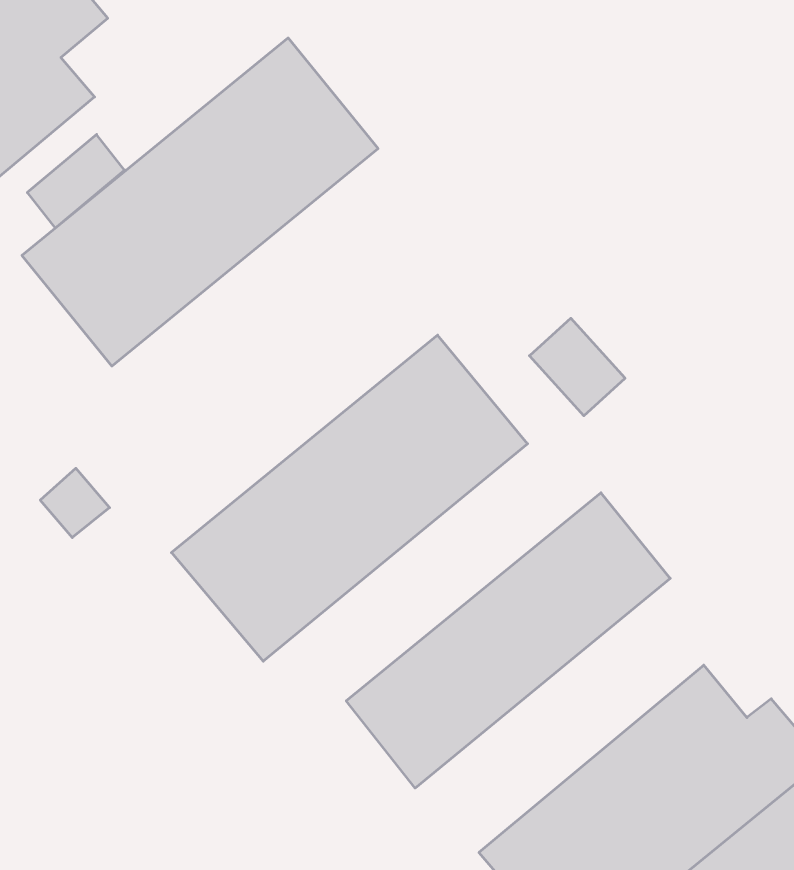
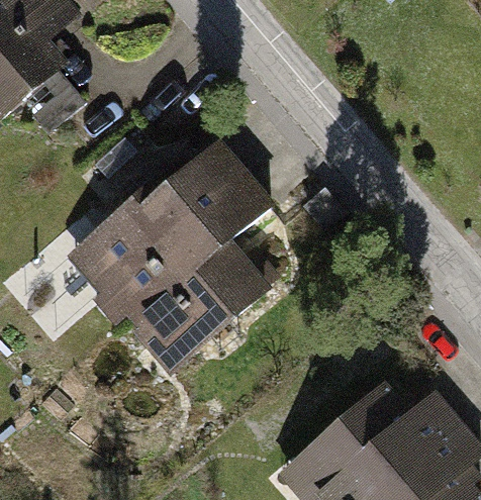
building: [22,38,378,366] -> [60,138,252,315]
building: [346,493,670,788] -> none

